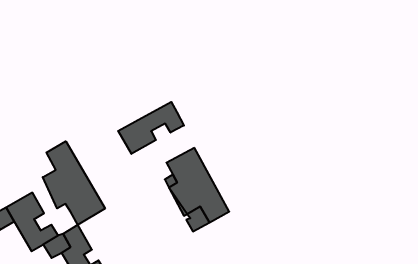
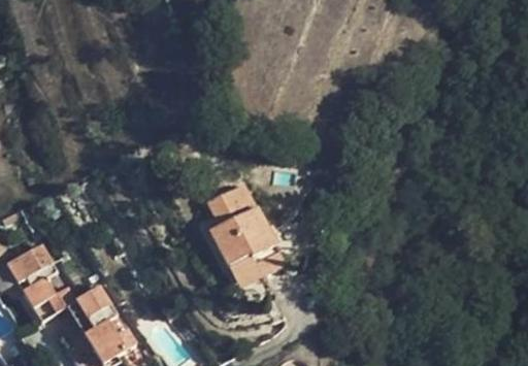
building: [118,102,184,154] -> none
building: [43,141,105,225] -> none

